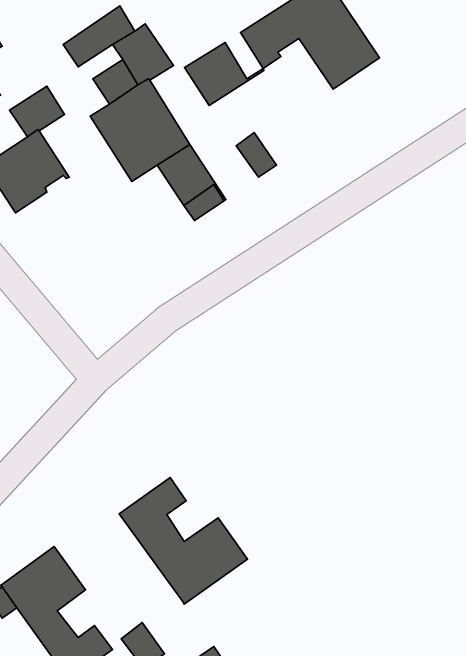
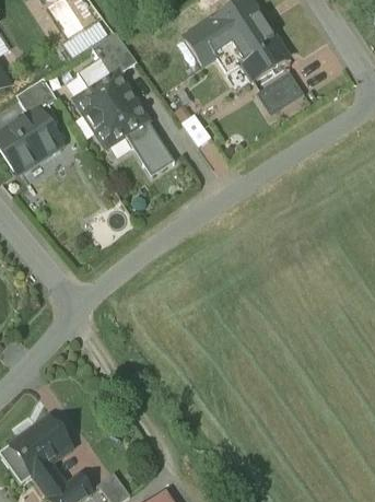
building: [185,43,264,106] -> none
building: none -> [255,72,303,115]
building: [119,477,247,604] -> none

